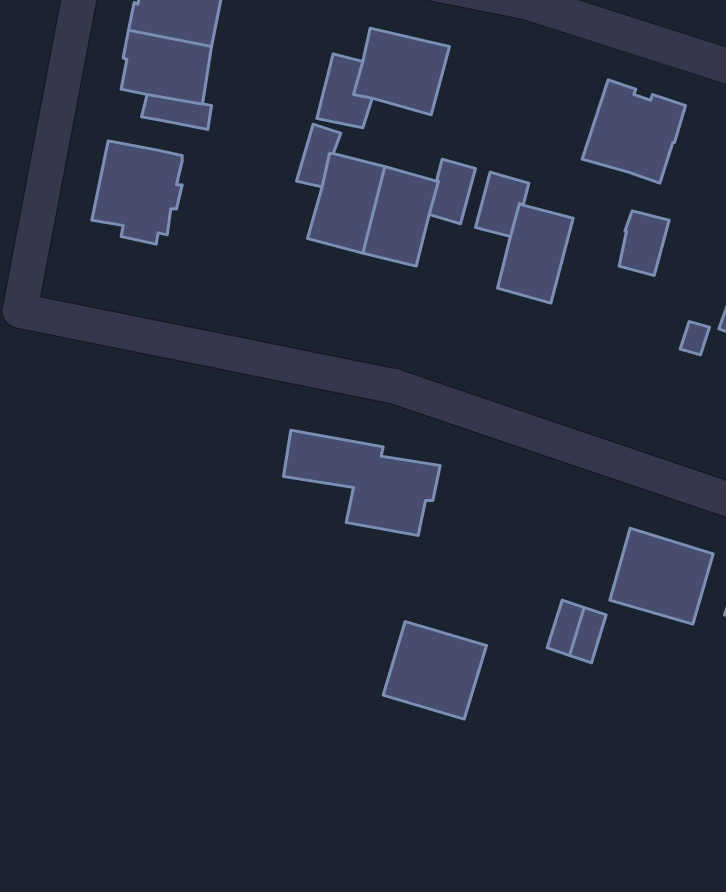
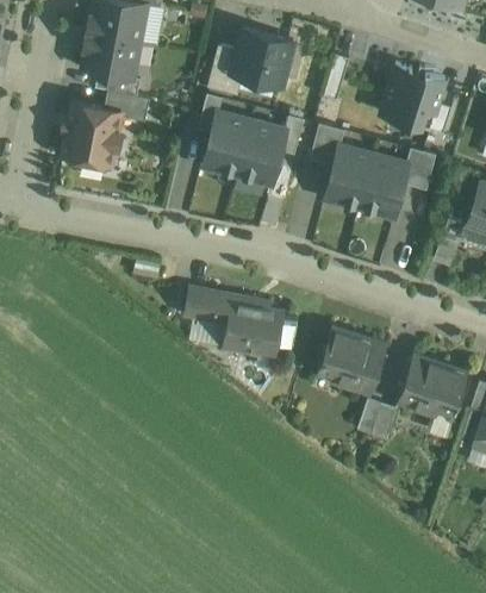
building: none -> [105,89,150,120]
building: none -> [360,152,409,217]
building: [383,622,486,719] -> [317,330,384,393]

